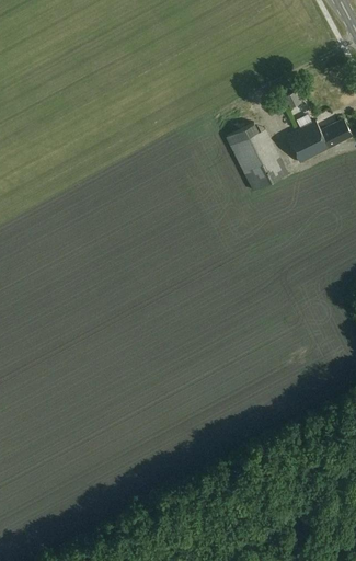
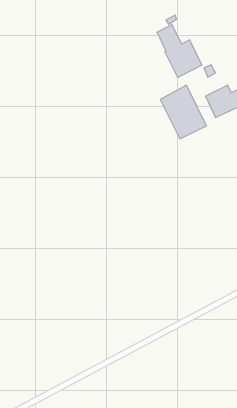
building: none -> [157,24,202,77]

